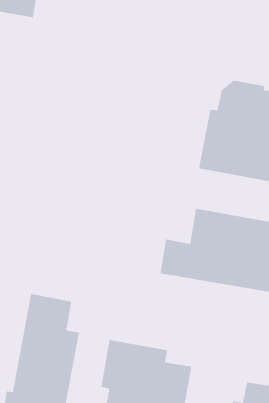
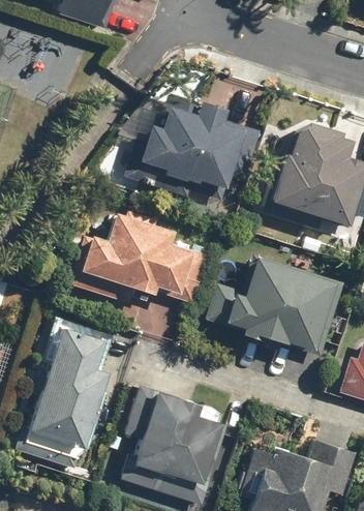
building: none -> [122,98,261,200]
building: none -> [69,211,208,302]

